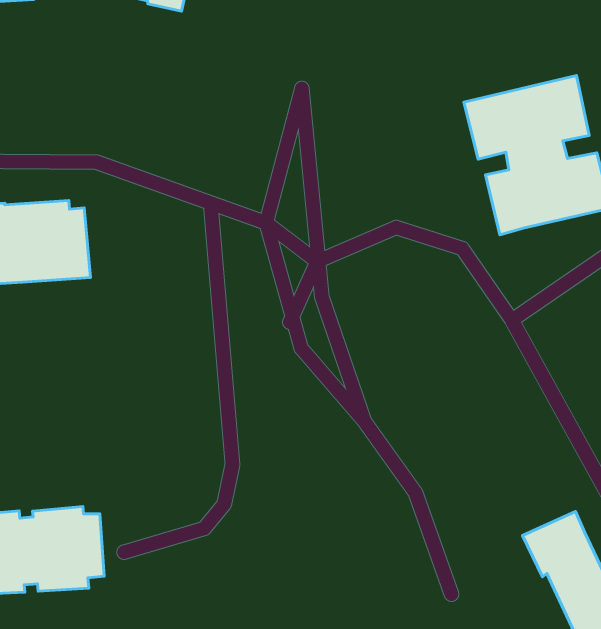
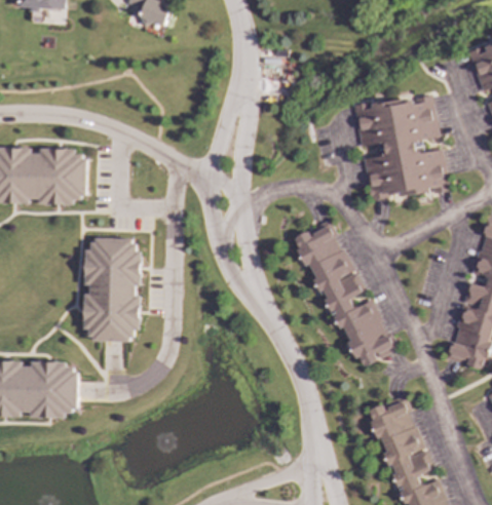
building: none -> [293,220,395,366]
building: none -> [83,237,141,342]

